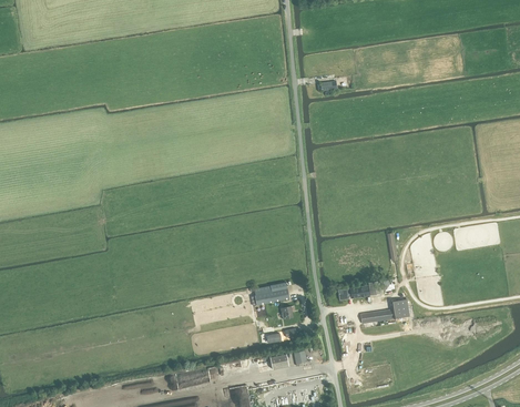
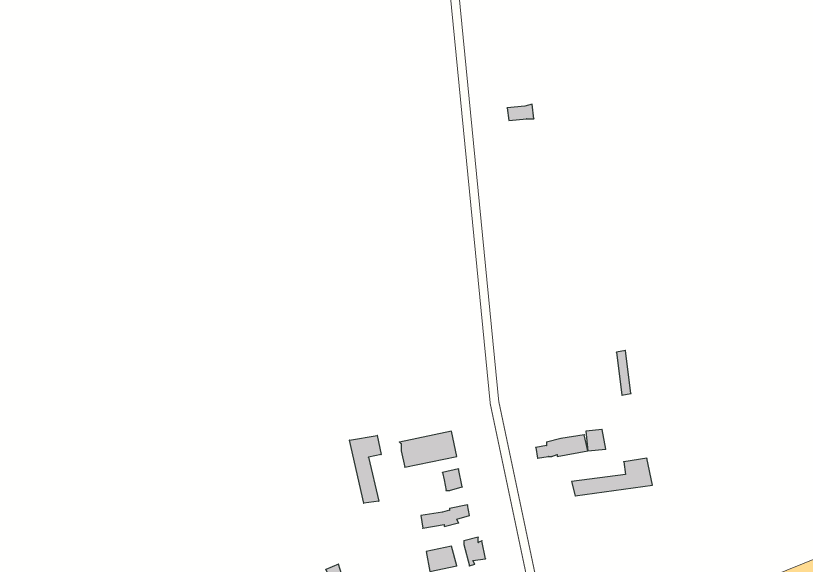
building: none -> [350,435,381,503]

